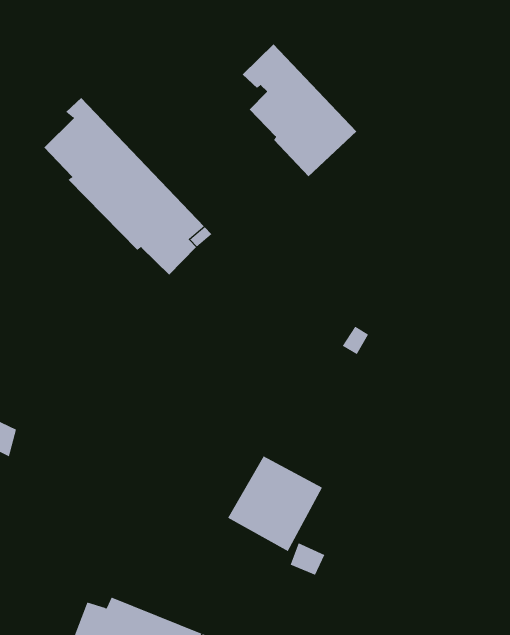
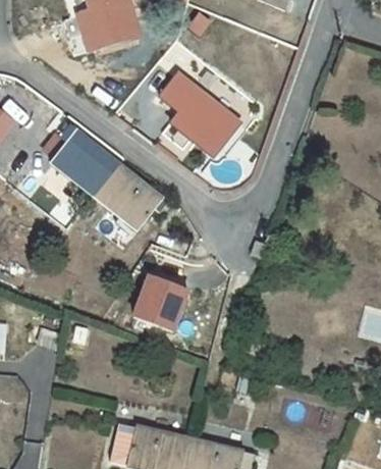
building: [227,455,323,552] -> [133,275,188,331]

